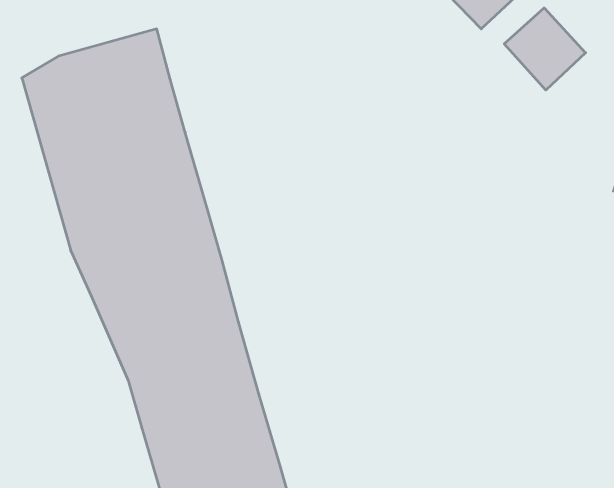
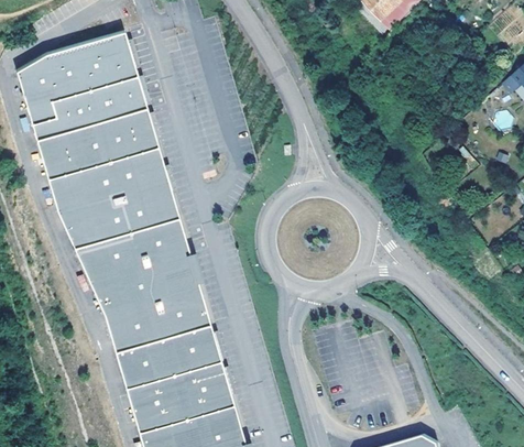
building: [504,8,586,90] -> none

